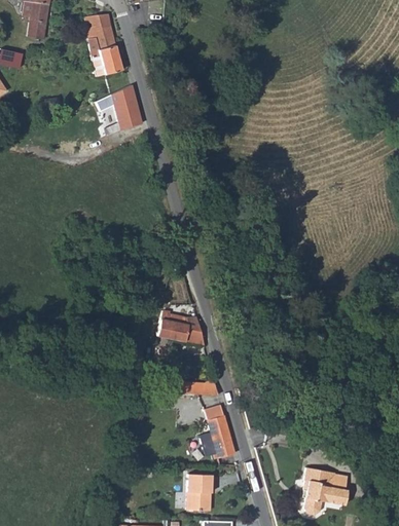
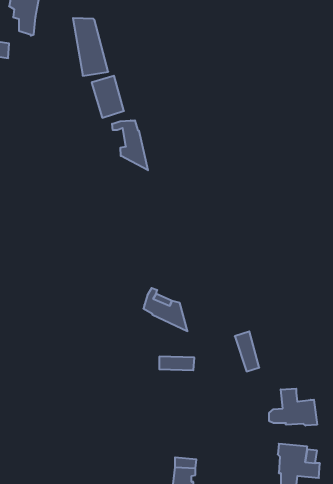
building: none -> [112,120,148,170]
building: [203,407,228,449] -> [235,331,259,371]
building: none -> [269,389,317,426]

